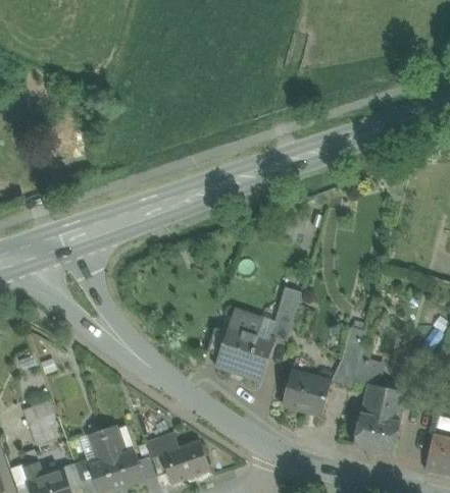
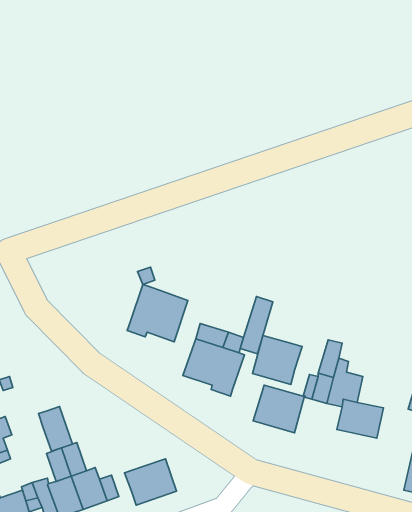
building: none -> [127,285,188,342]
building: none -> [253,336,302,384]
building: none -> [38,407,72,451]
building: [352,412,399,452] -> none
building: [146,432,178,475] -> none

